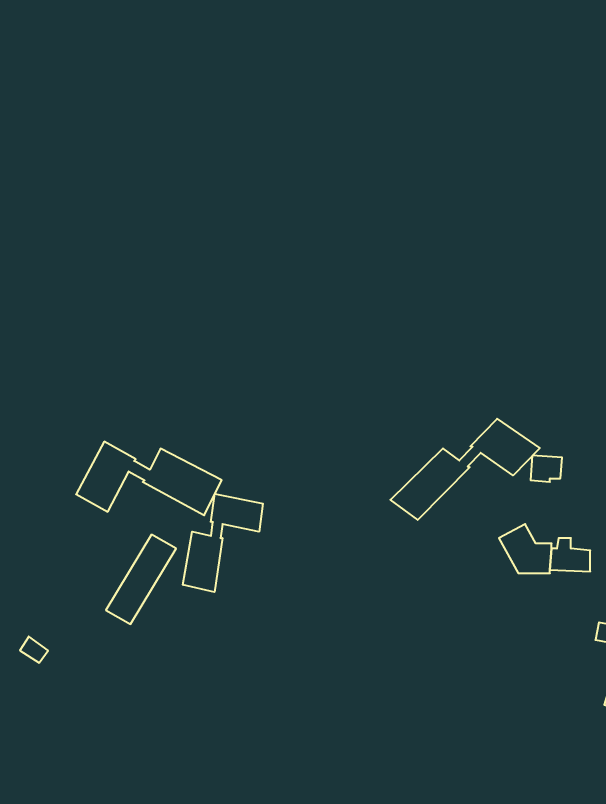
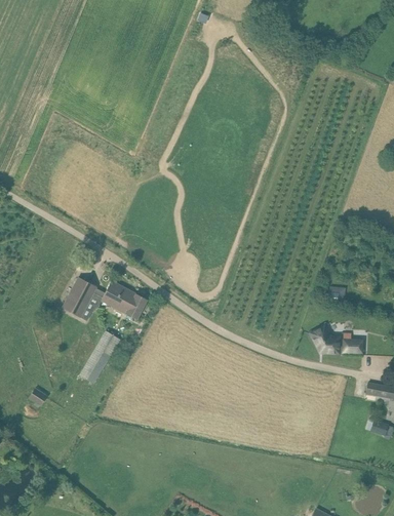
building: [390,419,540,520] -> none
building: [183,494,263,592] -> none

